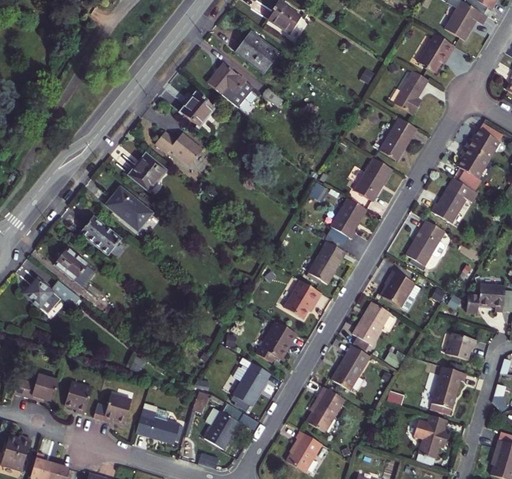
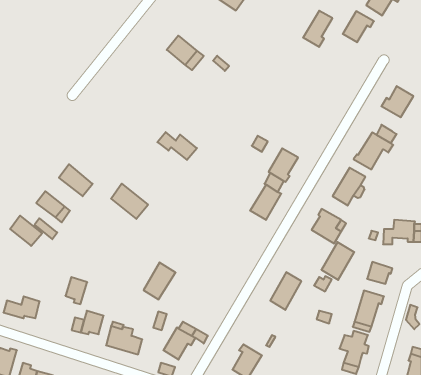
building: [236,32,278,72] -> none
building: [392,71,427,114] -> [303,11,332,47]
building: [181,93,212,124] -> none
building: [380,119,416,161] -> none
building: [154,131,201,164] -> [157,132,197,160]
building: [457,148,486,178] -> none
building: [130,156,164,189] -> none
building: [353,159,390,201] -> none
building: [106,187,150,229] -> [111,184,148,219]
building: [283,281,320,318] -> none
building: [352,301,391,346] -> [321,242,354,280]
building: [255,321,297,362] -> none
building: [232,362,270,406] -> [144,262,176,299]
building: [65,381,91,413] -> [65,277,87,304]
building: [306,387,343,432] -> none

